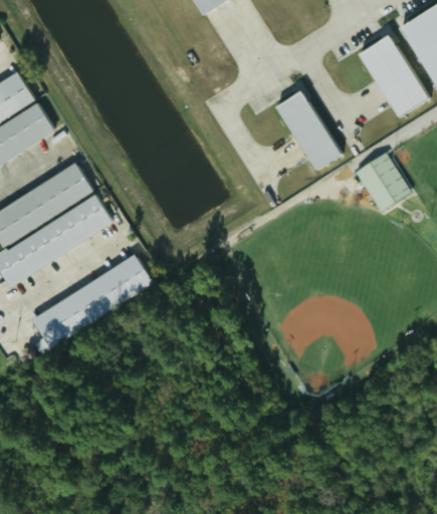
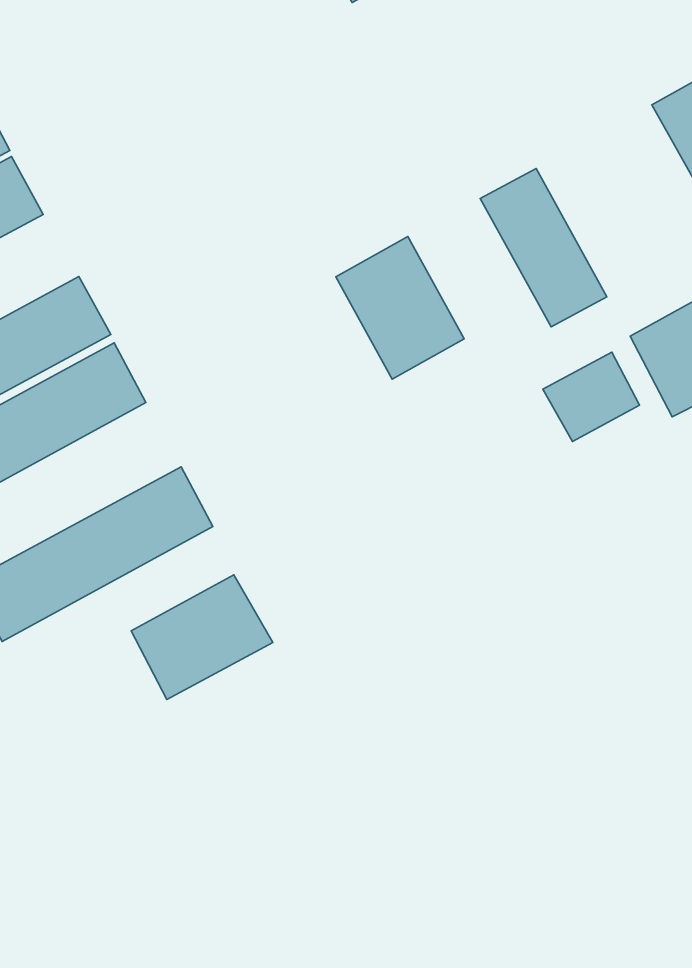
building: none -> [336,237,464,379]
building: none -> [543,352,639,442]
building: none -> [131,575,273,700]

